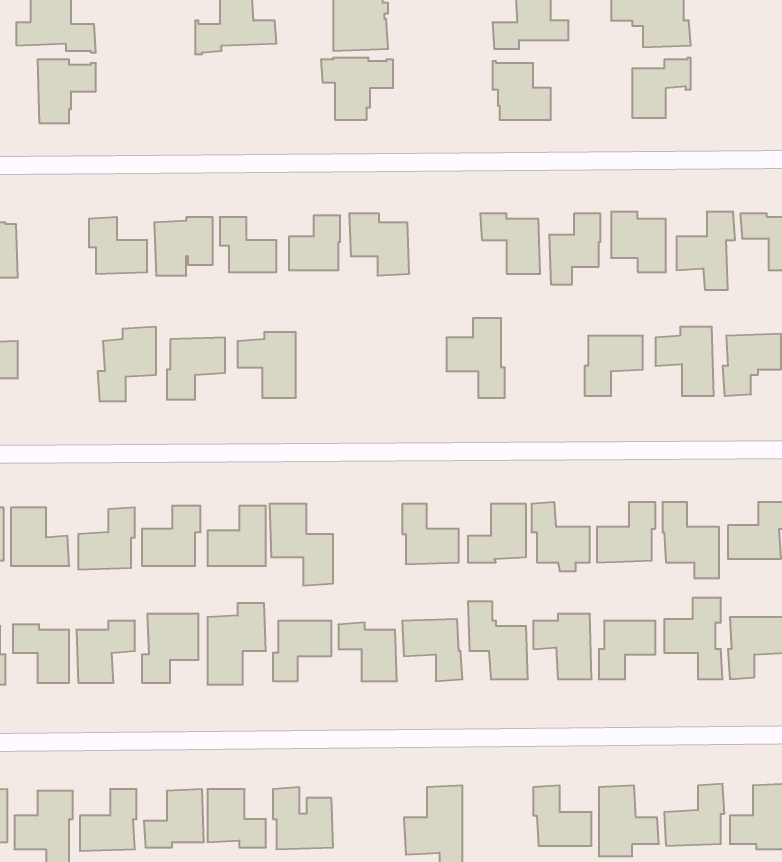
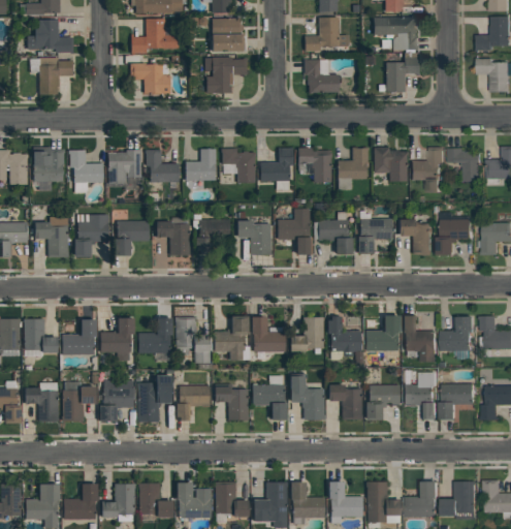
building: none -> [130,63,171,95]
building: none -> [33,147,65,182]
building: none -> [260,148,294,182]
building: none -> [35,217,69,258]
building: none -> [196,219,229,254]
building: none -> [318,220,352,255]
building: none -> [236,221,272,255]
building: none -> [214,316,248,362]
building: none -> [215,481,249,517]
building: none -> [291,483,324,518]

